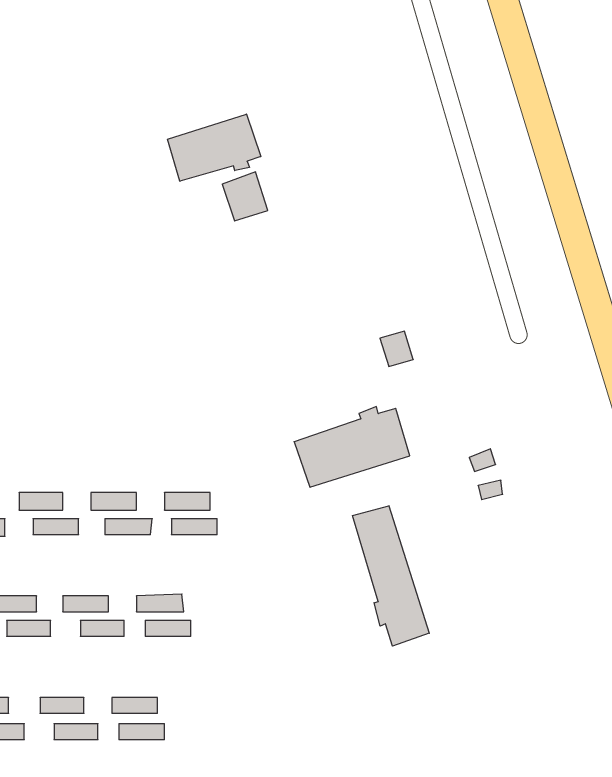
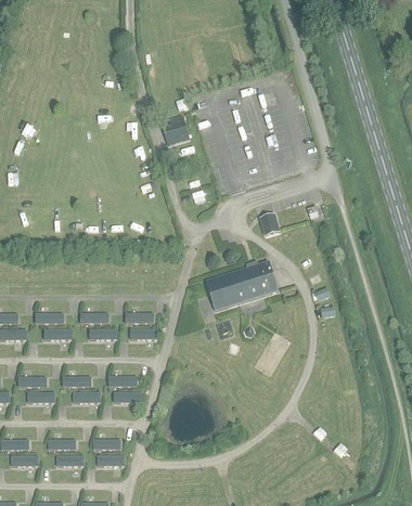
building: [168,114,261,181] -> none
building: [352,506,429,646] -> none

